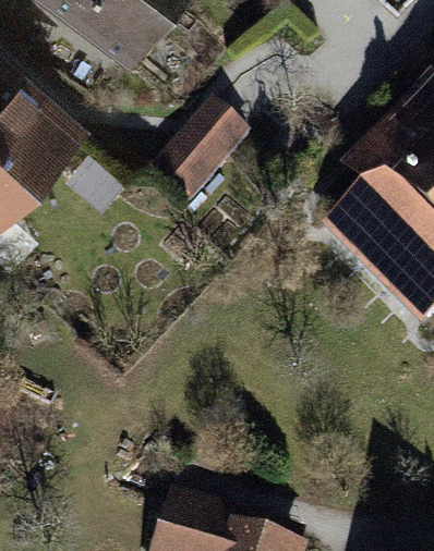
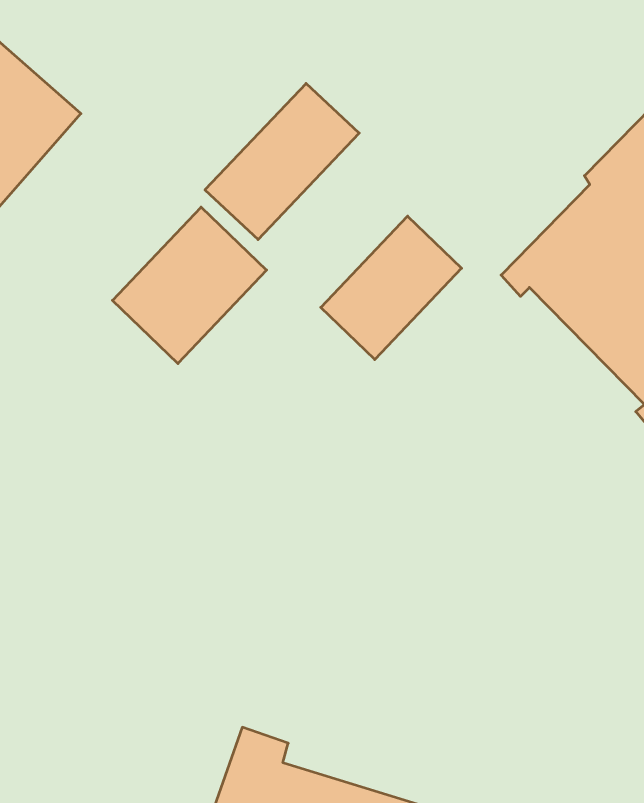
building: none -> [112,207,267,364]
building: none -> [321,216,462,360]

